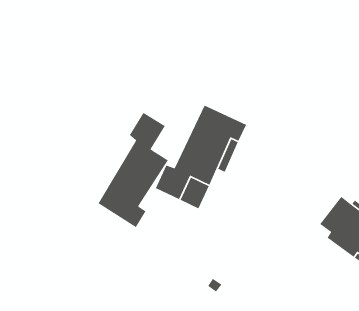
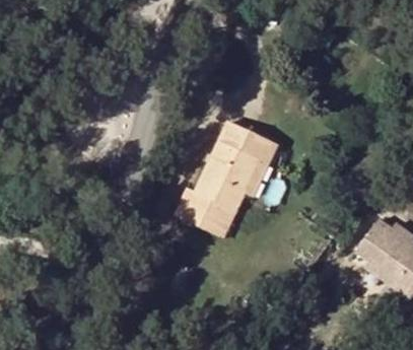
building: [97,112,169,228] -> none

